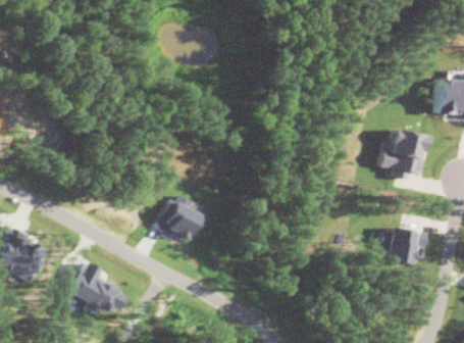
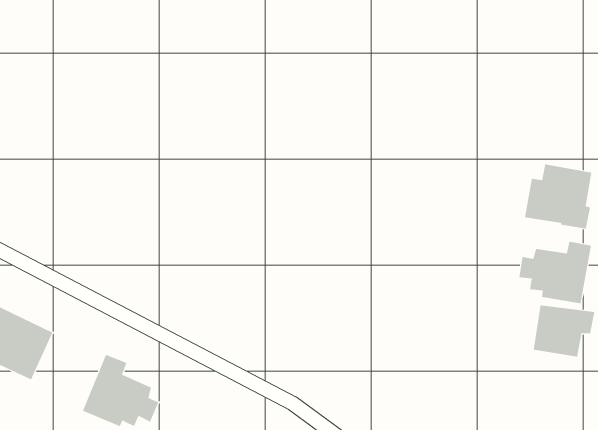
building: none -> [519,241,591,304]
building: [156,196,200,240] -> none

